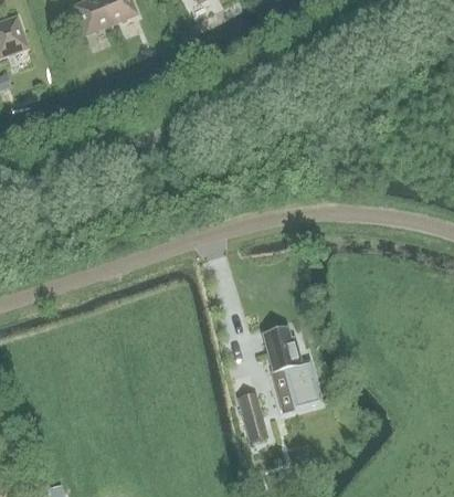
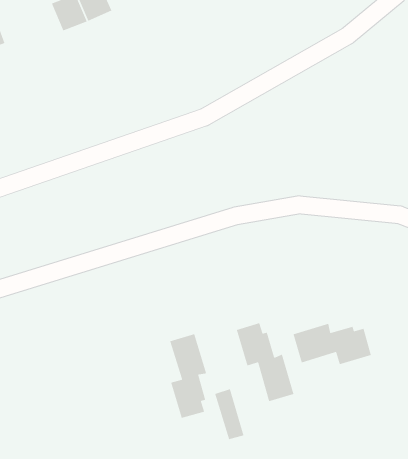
building: none -> [292,323,372,365]
building: none -> [169,333,207,419]

